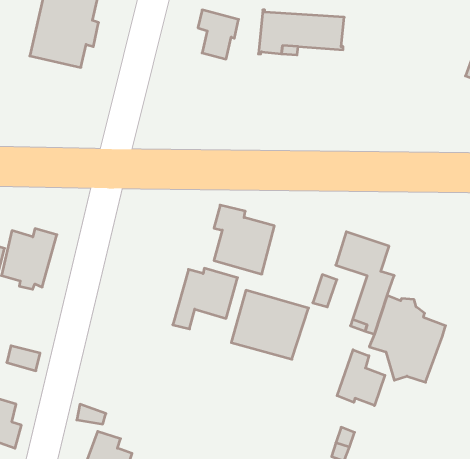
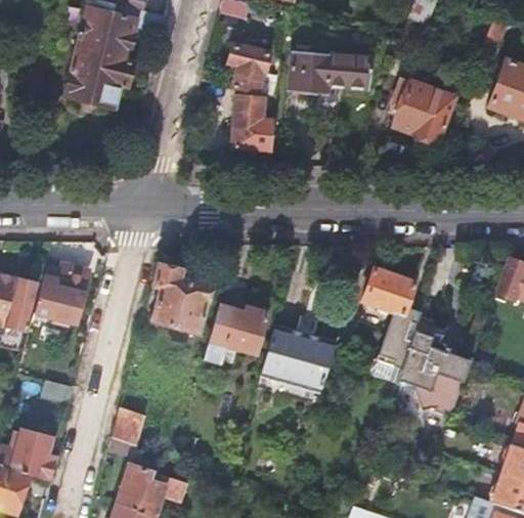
building: none -> [395,84,456,154]
building: none -> [230,100,276,159]
building: [214,205,274,274] -> [152,263,212,331]
building: [337,350,385,406] -> none
building: none -> [114,405,148,444]

